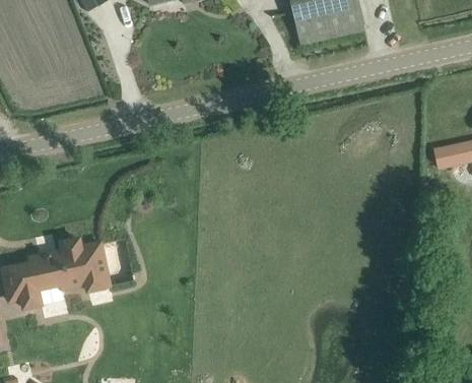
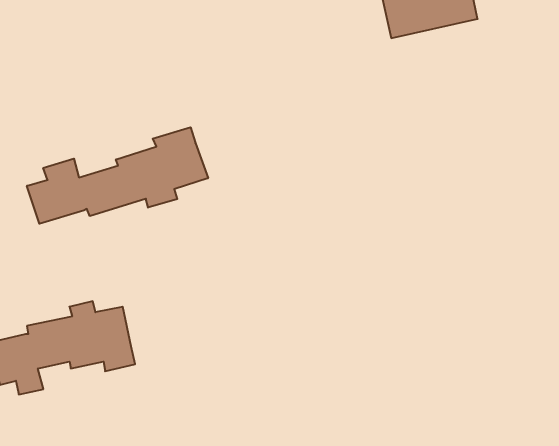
building: none -> [27,127,208,224]

